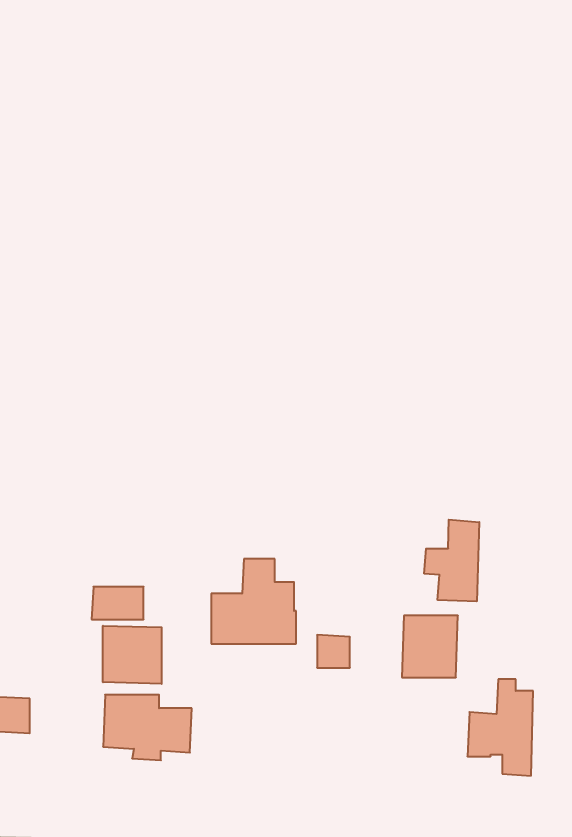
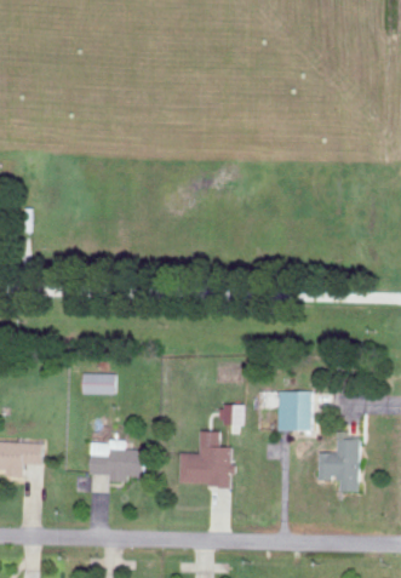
building: [424,520,479,601] -> none
building: [211,559,296,644] -> [178,431,231,485]
building: [103,626,162,684] -> none

